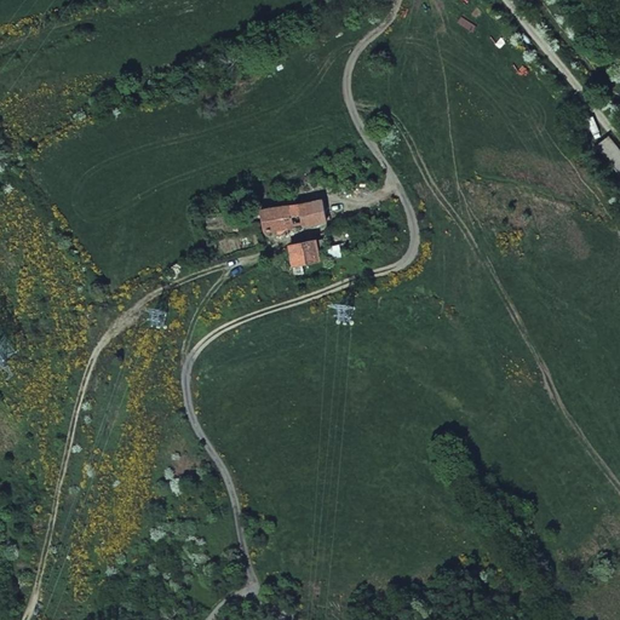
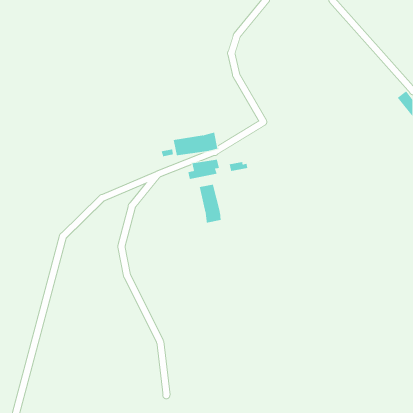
building: none -> [199,184,221,223]

